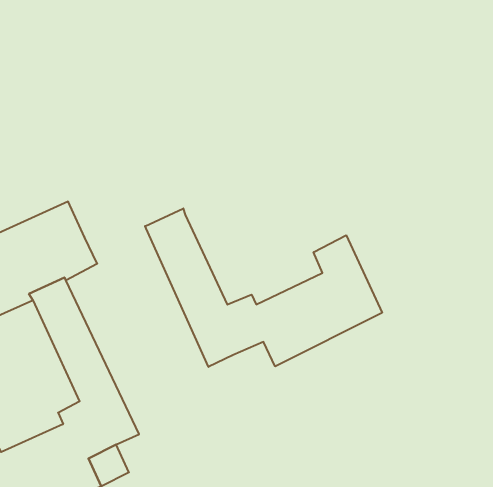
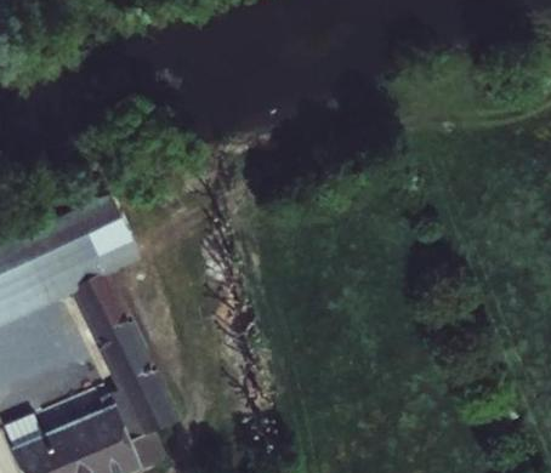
building: [145,208,382,367] -> none

